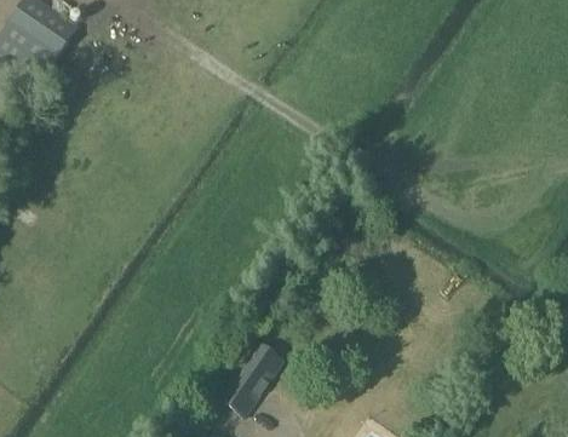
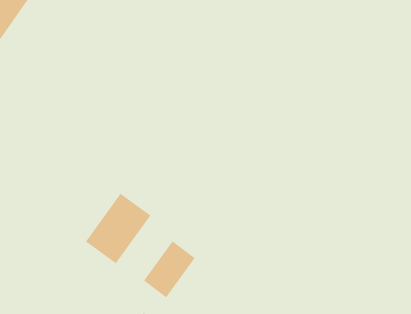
building: none -> [85,193,151,264]

